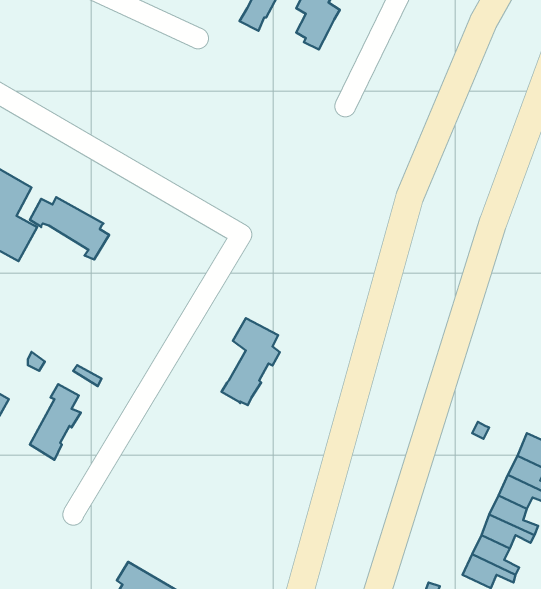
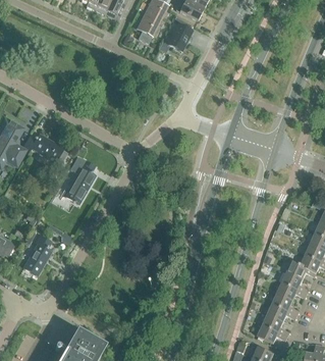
building: [221,318,280,405] -> [63,156,95,203]

